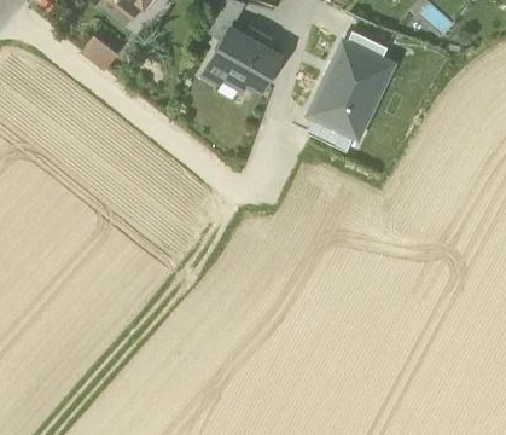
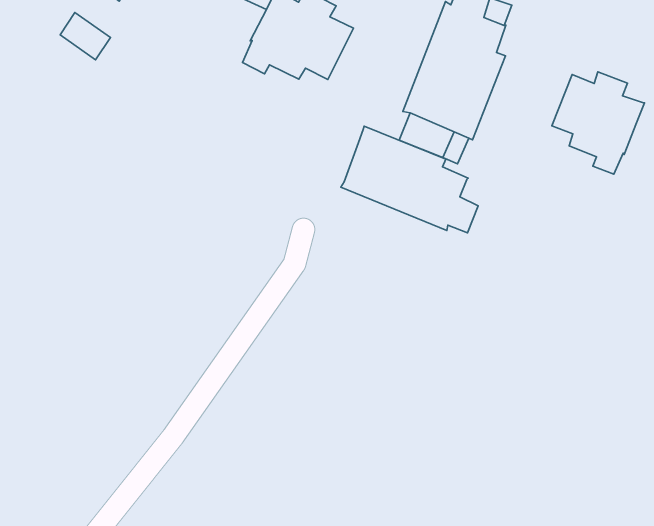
building: none -> [552,72,645,174]
building: none -> [341,126,478,233]

